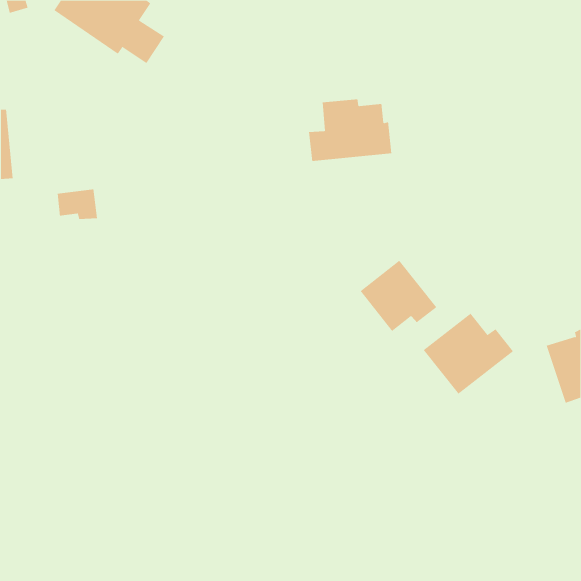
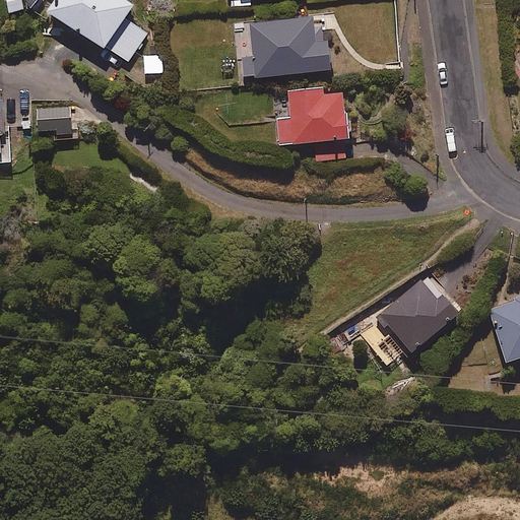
building: none -> [239,15,330,79]
building: [57,189,98,220] -> [39,106,75,133]
building: [360,260,437,332] -> none

